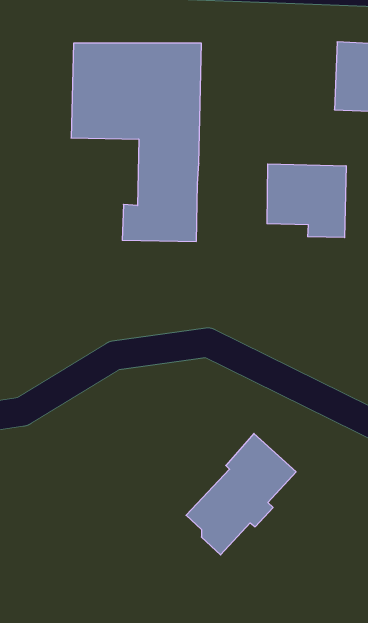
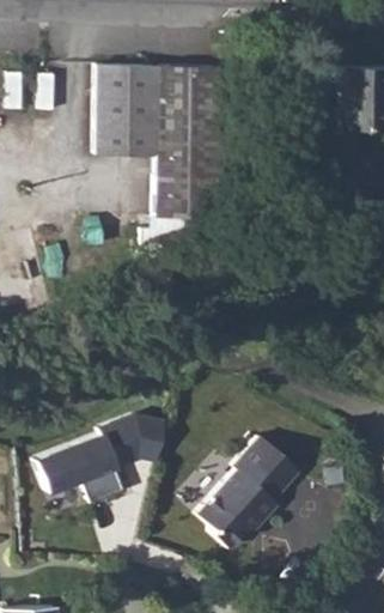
building: [267,164,346,238] -> none
building: none -> [33,412,167,499]

